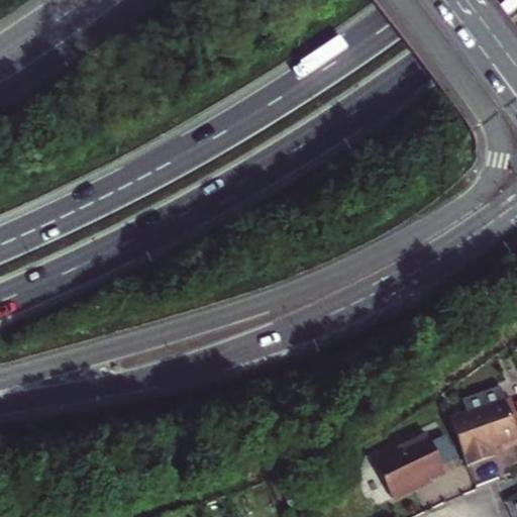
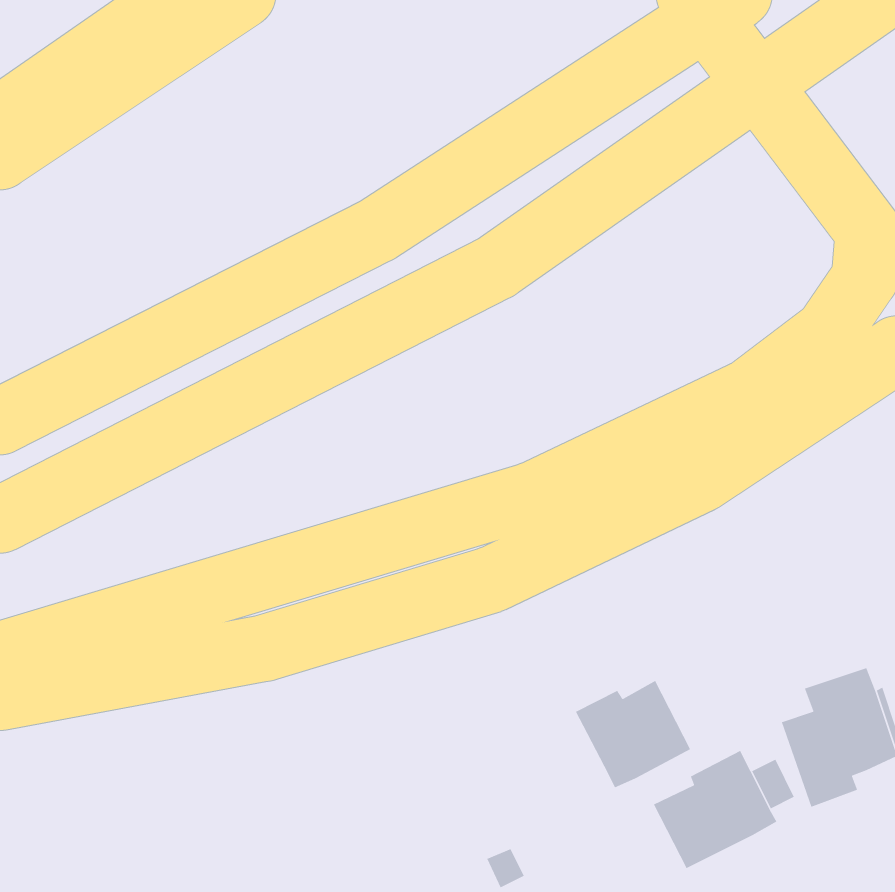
building: none -> [575,680,691,788]

